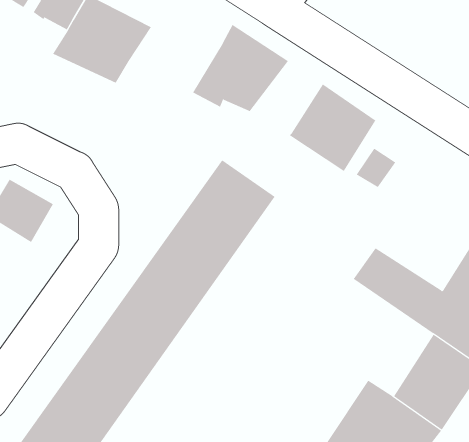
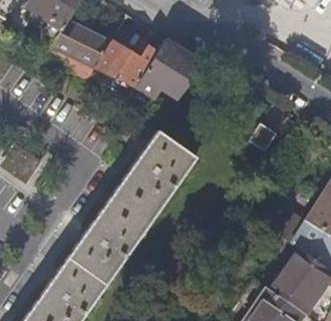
building: none -> [97,41,159,85]
building: [289,84,376,172] -> none

